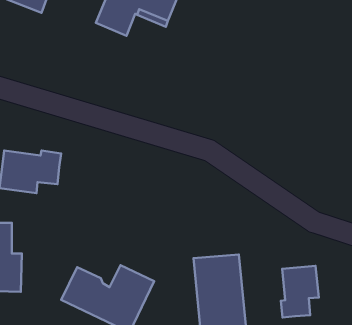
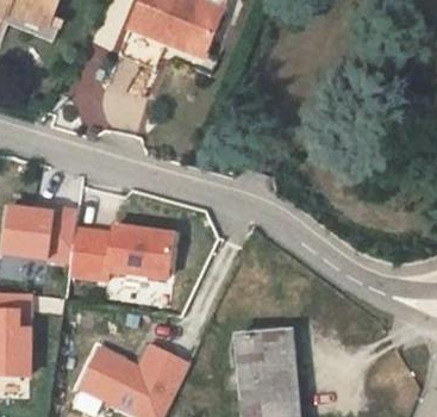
building: none -> [68,225,173,278]
building: [281,266,319,318] -> none

